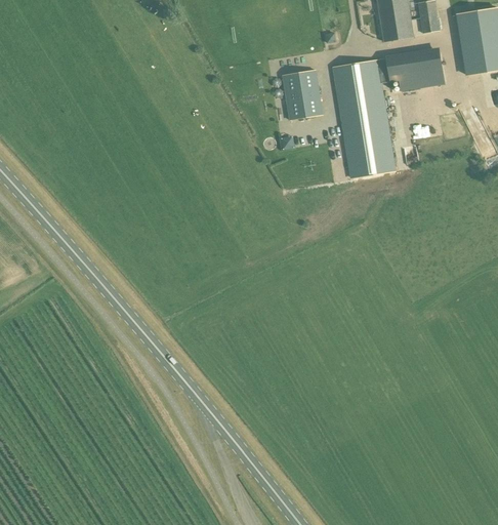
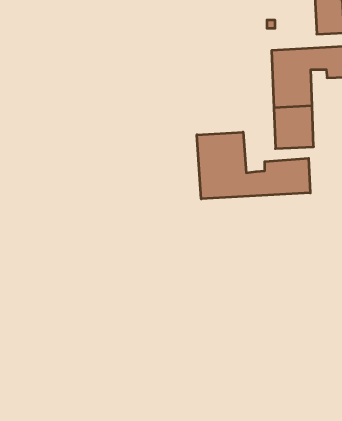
building: [282,70,323,120] -> none
building: none -> [197,132,310,199]

